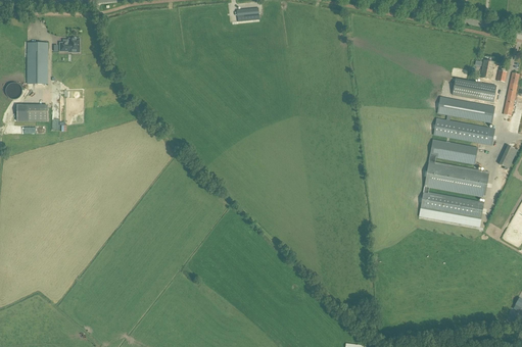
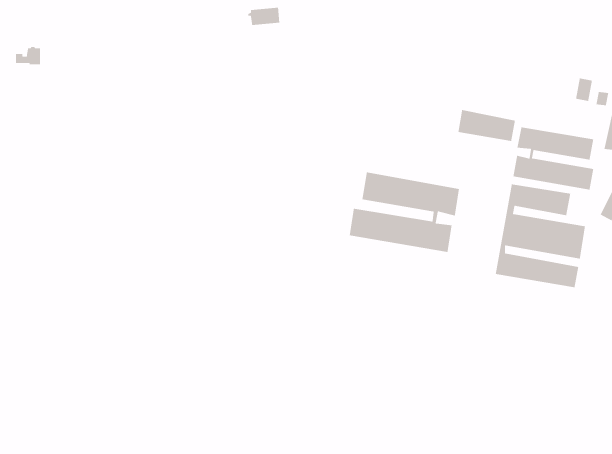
building: [452,77,495,101] -> [457,109,516,142]
building: none -> [349,172,460,253]

